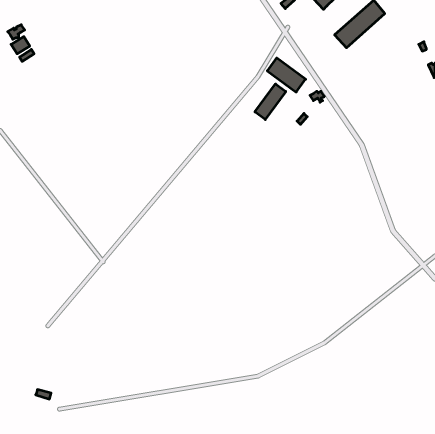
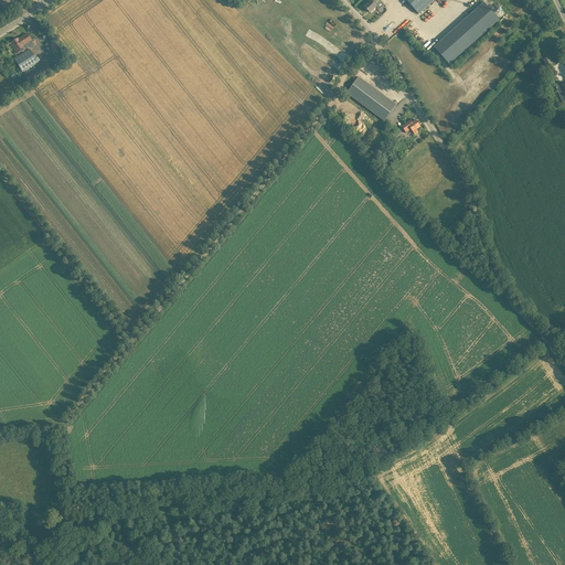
building: [255,84,286,120] -> none

